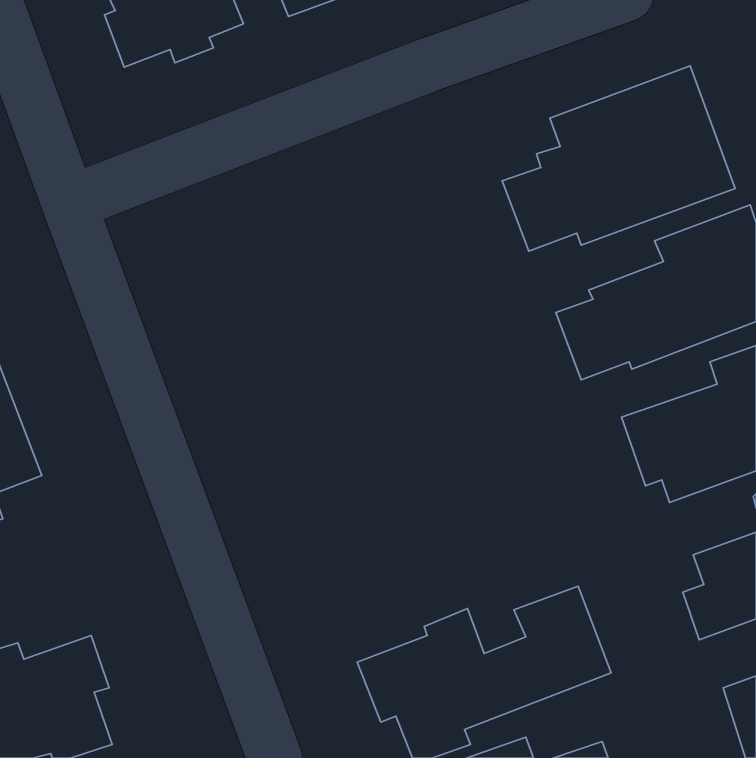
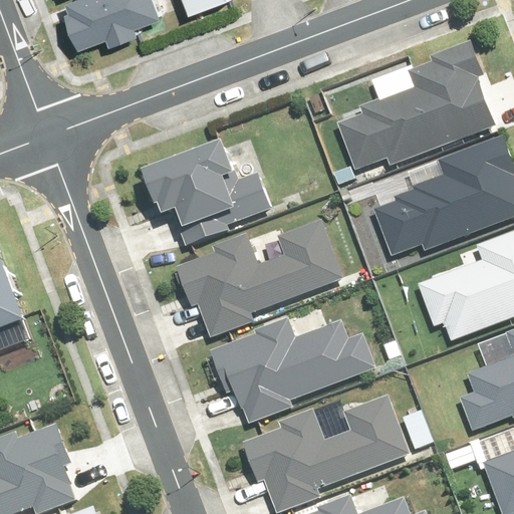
building: none -> [148,138,270,237]
building: none -> [177,220,343,336]
building: none -> [209,316,374,422]

